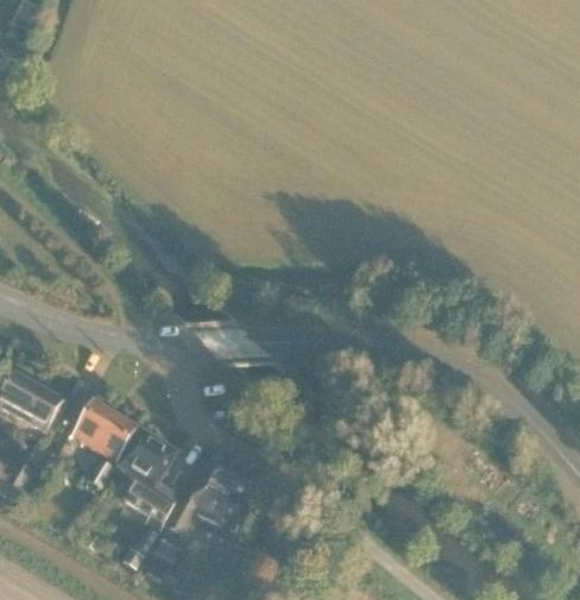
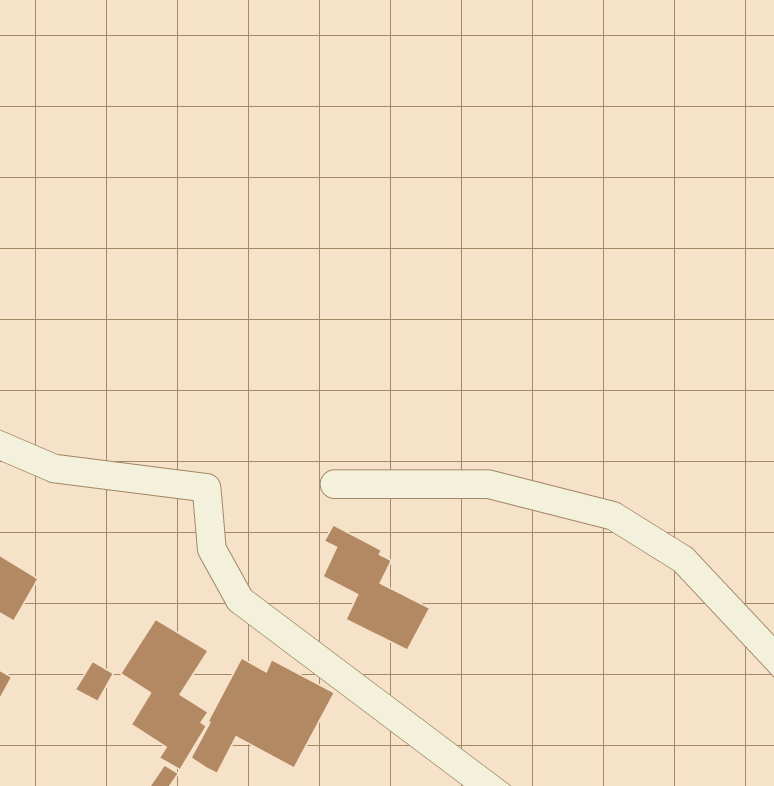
building: none -> [323,525,430,650]
building: [71,396,135,457] -> none

